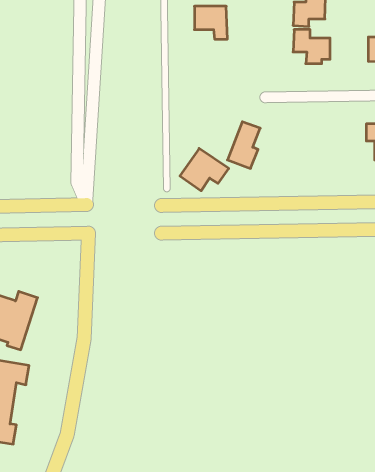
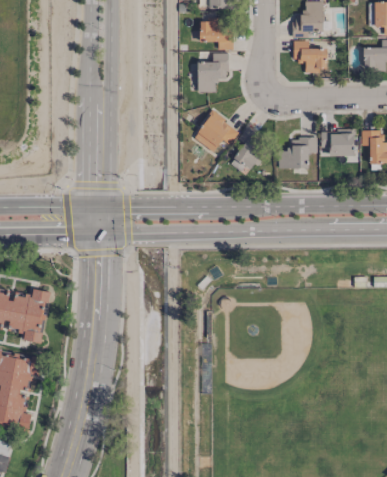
building: none -> [198,53,229,92]
building: none -> [321,130,356,157]
building: none -> [279,137,317,169]
building: [180,148,229,191] -> [194,112,240,152]

